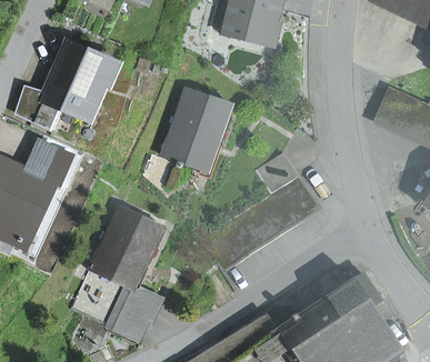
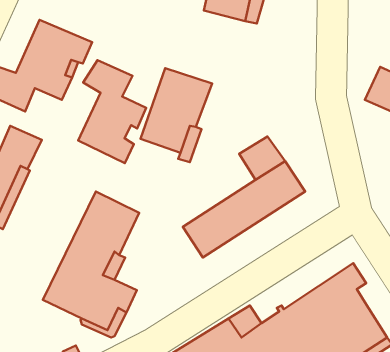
building: none -> [78,60,146,163]

